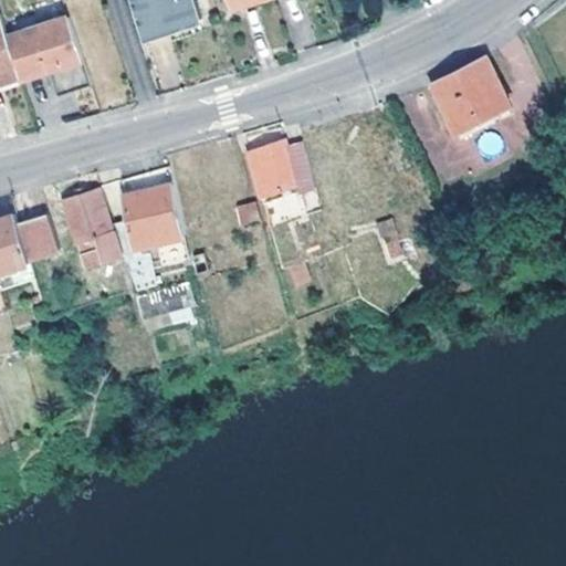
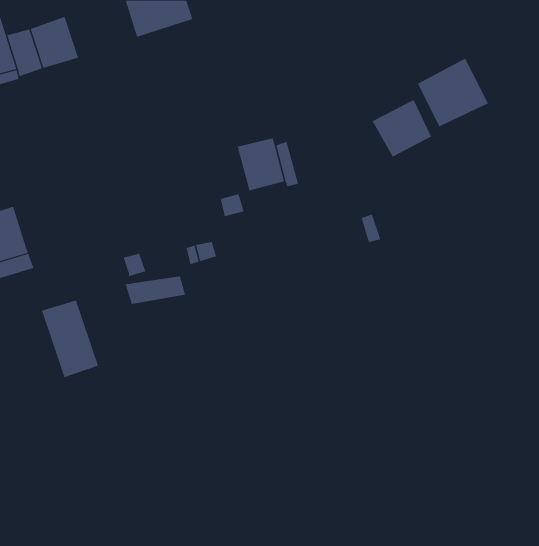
building: none -> [372,99,432,158]
building: [125,185,184,248] -> none
building: [61,188,120,269] -> [41,300,99,378]
building: [17,211,57,256] -> none

